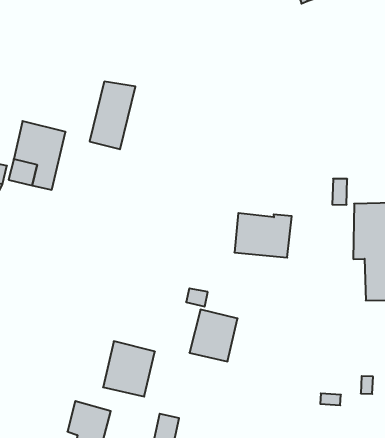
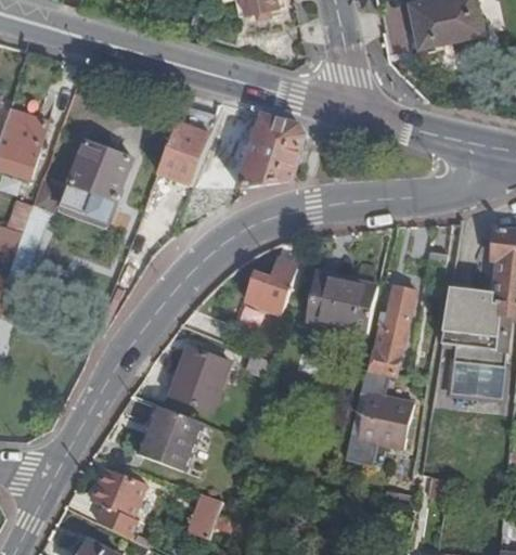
building: none -> [237,115,302,188]
building: none -> [243,261,295,313]
building: none -> [369,286,413,375]
building: [189,310,238,361] -> [168,348,228,411]
building: none -> [357,393,412,449]

